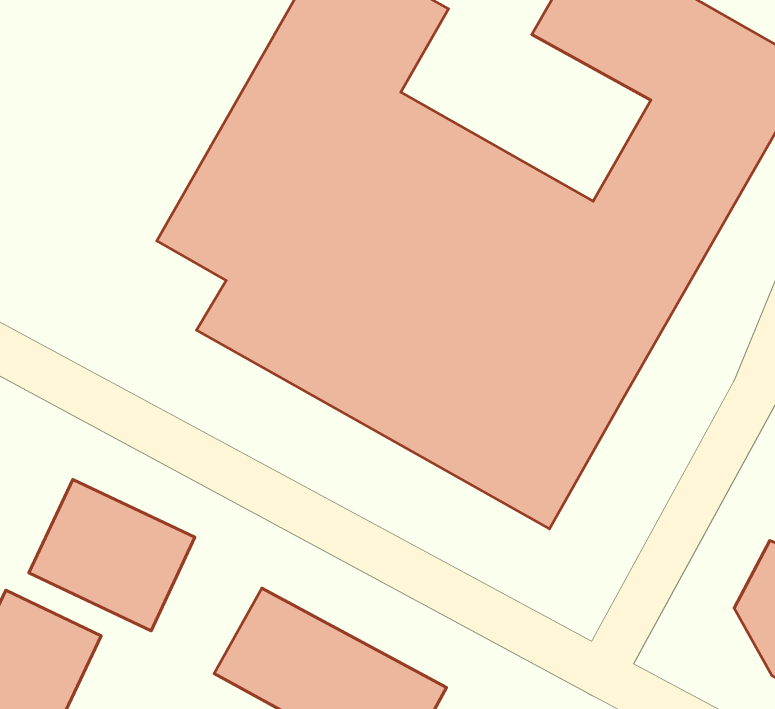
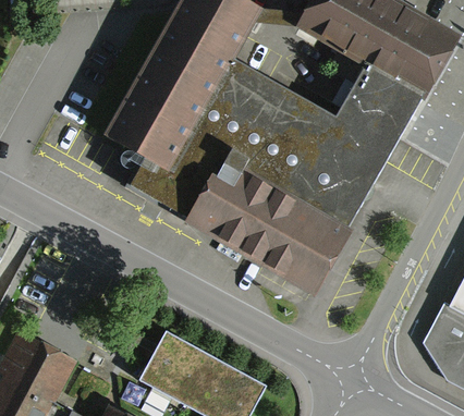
building: [29,479,195,631] -> none

